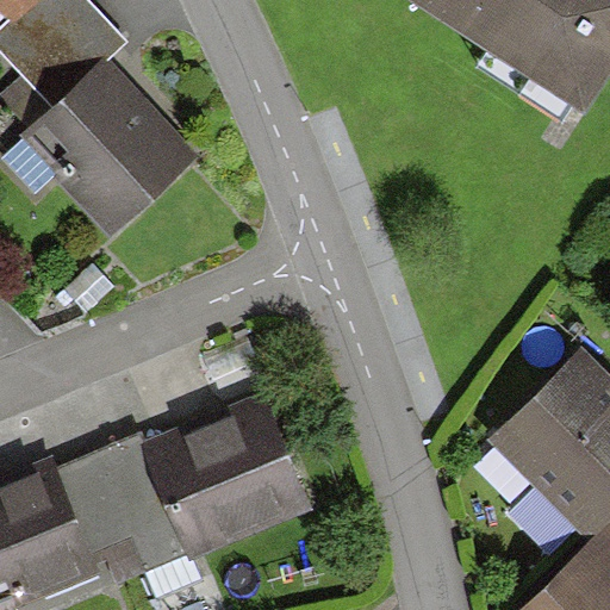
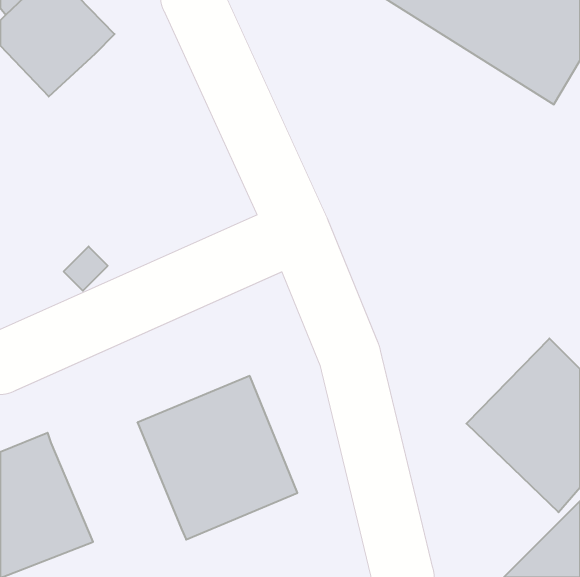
building: [17,56,188,228] -> none
building: [54,430,191,590] -> none

